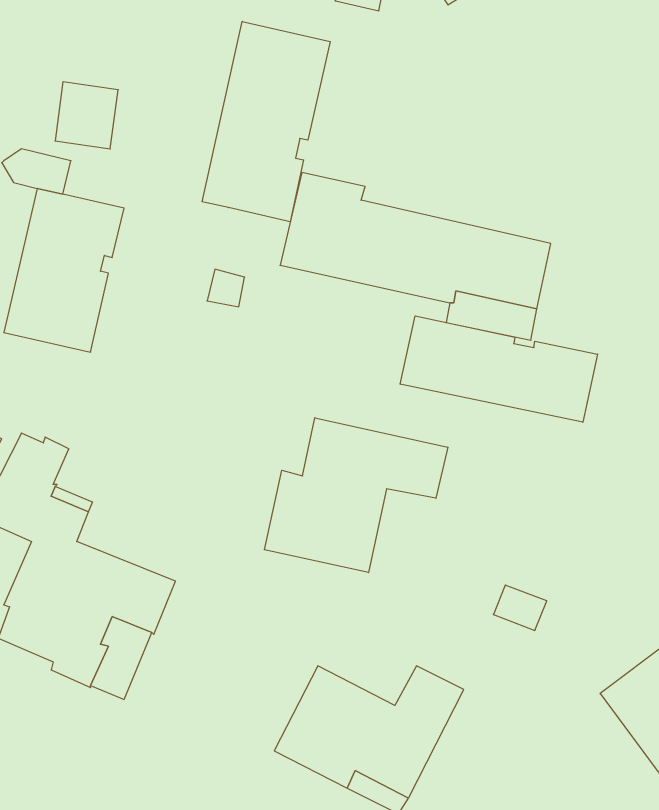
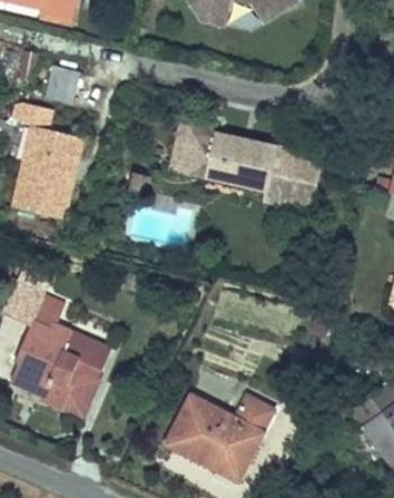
building: [202,21,330,222] -> none
building: [400,316,598,422] -> none
building: [264,418,448,573] -> none

